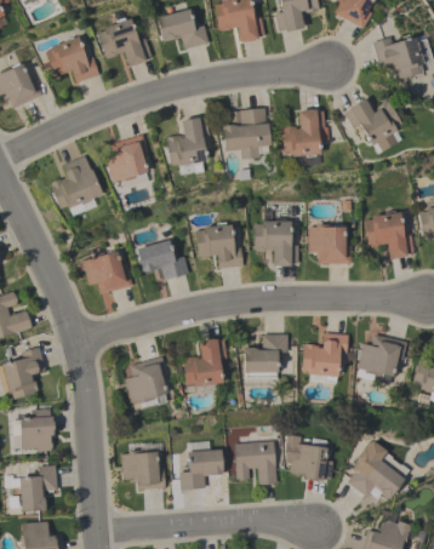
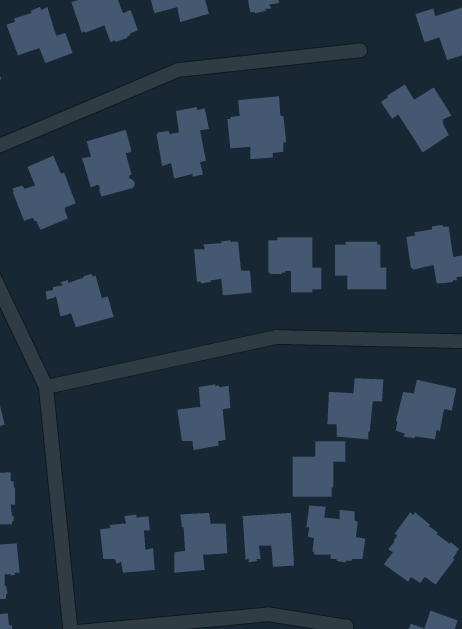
building: [280,109,329,156] -> none
building: [136,240,188,280] -> none
building: [244,334,287,379] -> [292,441,346,497]
building: [124,356,166,407] -> none

